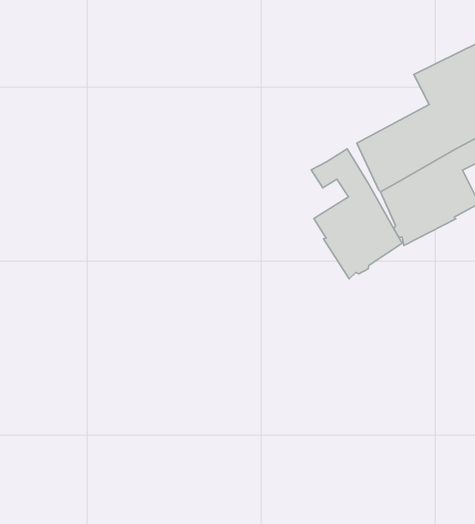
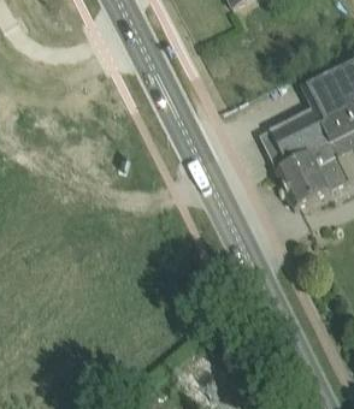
building: [311,149,402,279] -> none

